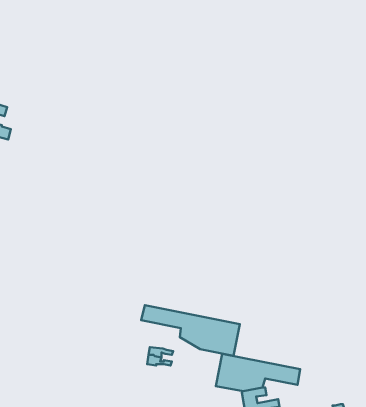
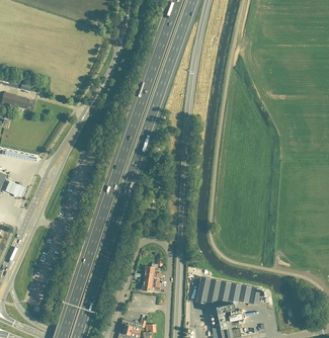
building: [141,305,240,356] -> none

